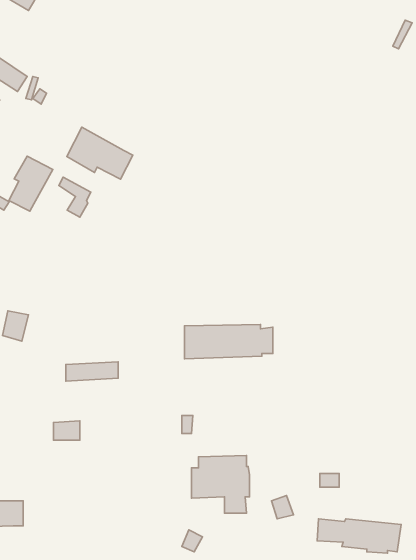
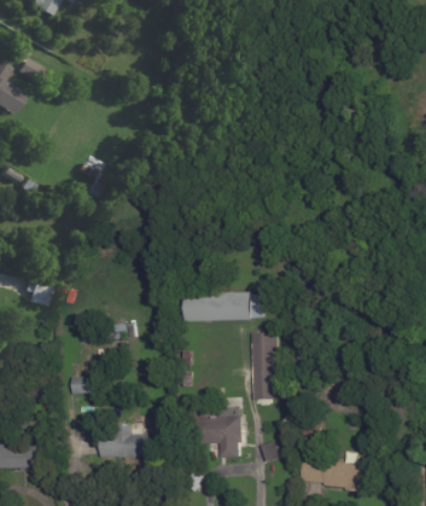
building: [67,127,133,179] -> none
building: [9,156,53,211] -> none
building: none -> [253,332,280,399]
building: none -> [100,423,150,456]

